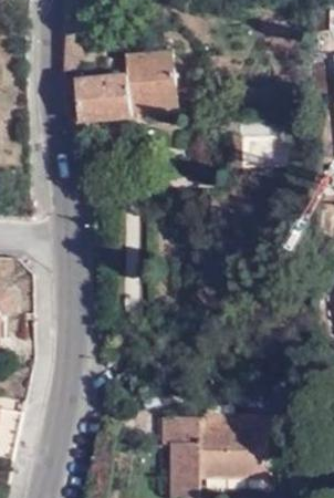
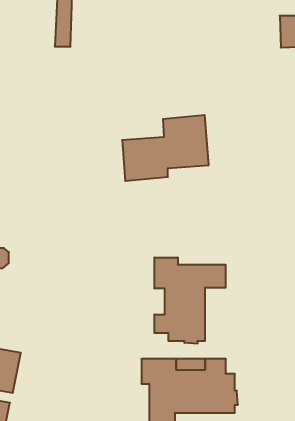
building: [74,48,170,121] -> [122,115,209,181]
building: none -> [154,257,226,344]

